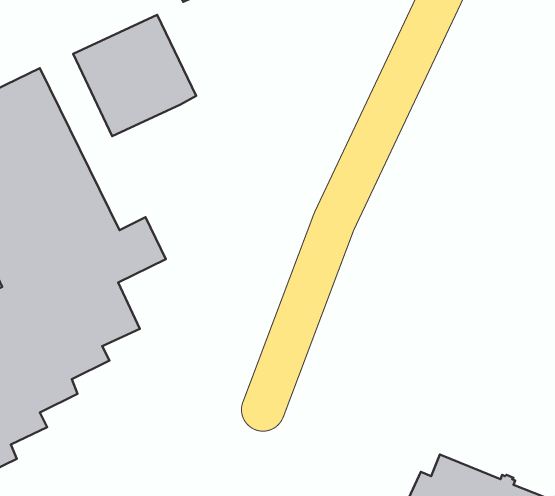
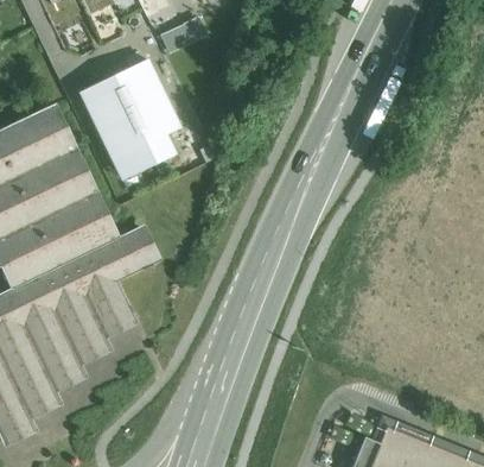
building: none -> [112,134,178,182]

